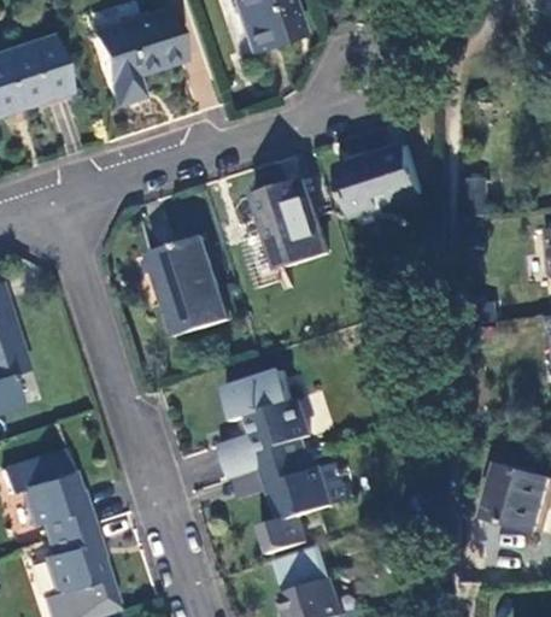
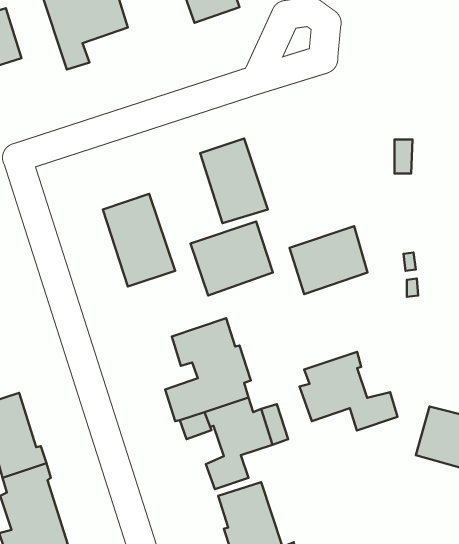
building: [340,143,423,216] -> [290,226,368,294]
building: none -> [191,222,273,295]
building: none -> [299,352,397,431]

